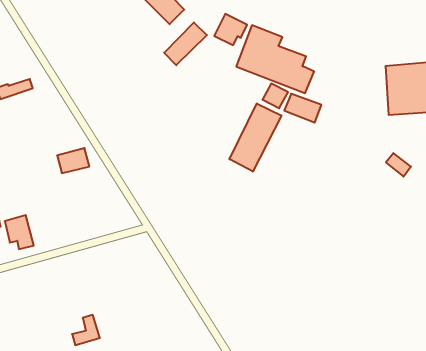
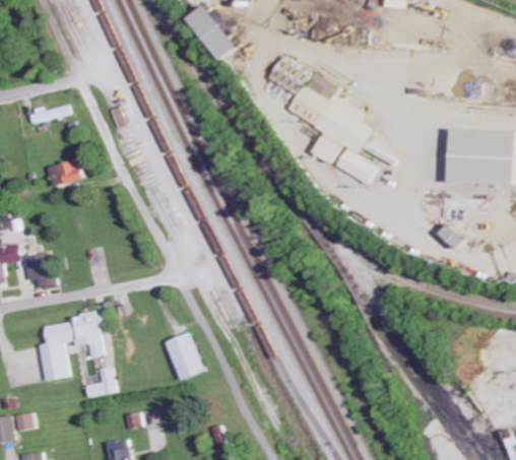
building: [164,22,207,65] -> none
building: [229,103,281,172] -> none
building: [57,148,89,173] -> [46,161,79,186]
building: none -> [39,311,103,380]
building: none -> [163,332,202,380]

